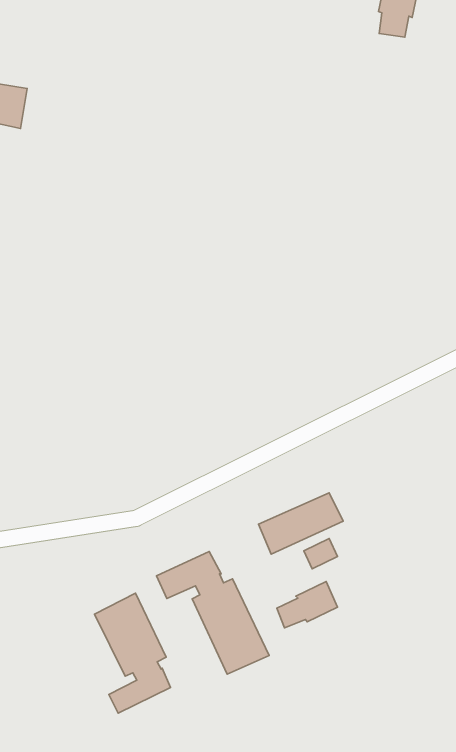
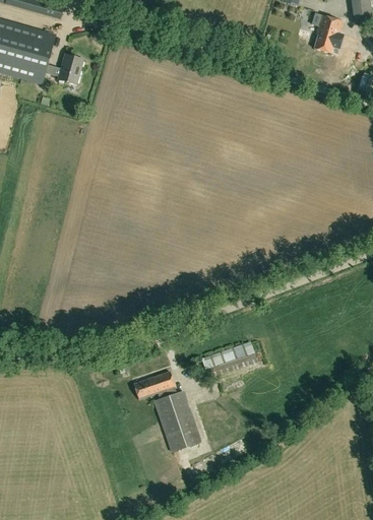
building: [277,582,338,628] -> none
building: [94,593,170,713] -> none

